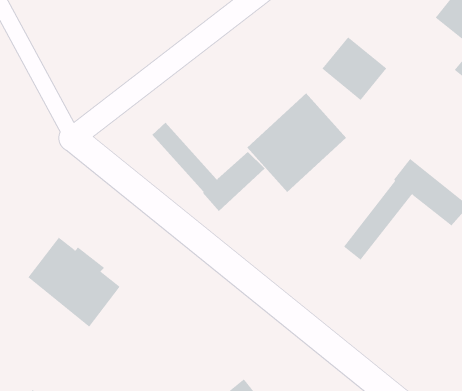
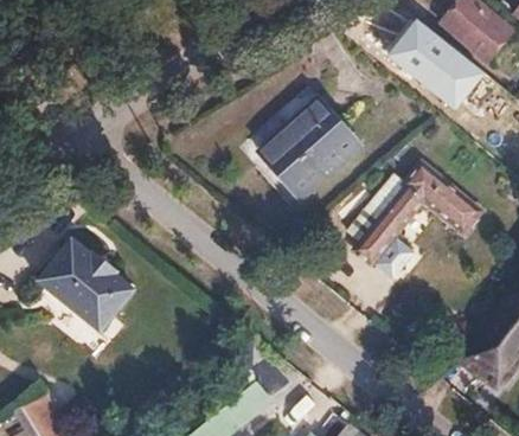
building: [321,36,387,101] -> [391,25,456,89]
building: [151,122,266,212] -> none

